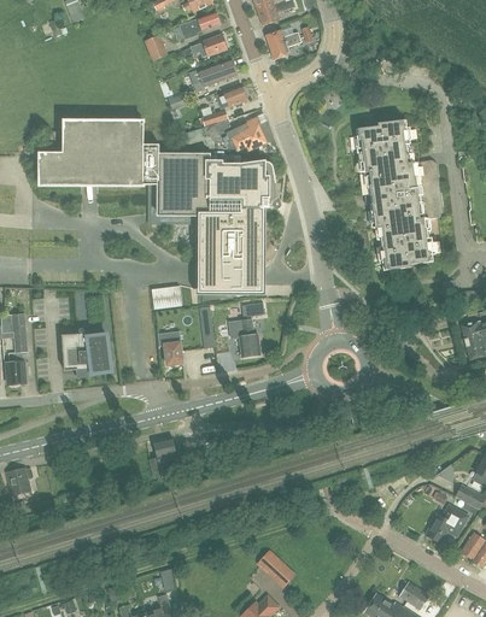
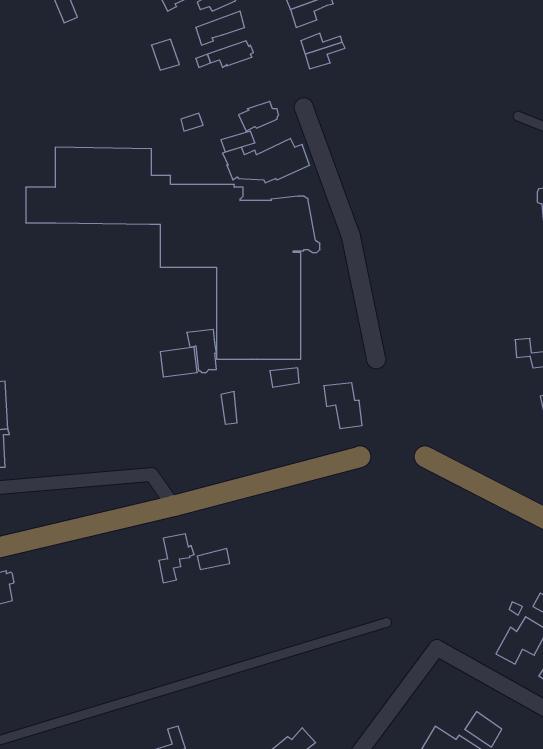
building: [188,57,236,92] -> none
building: [356,118,443,270] -> none
building: [228,318,259,355] -> [324,383,362,429]
building: [157,330,181,365] -> [187,329,216,372]
building: [62,333,111,377] -> none
building: [257,550,294,586] -> none

